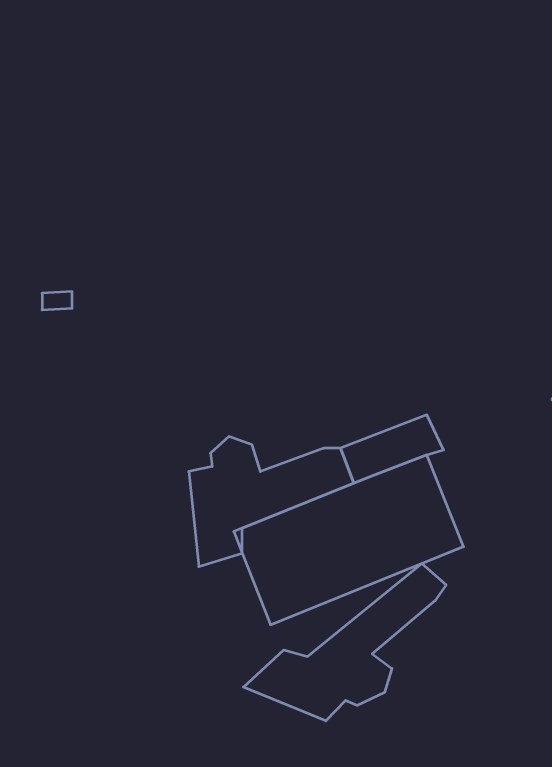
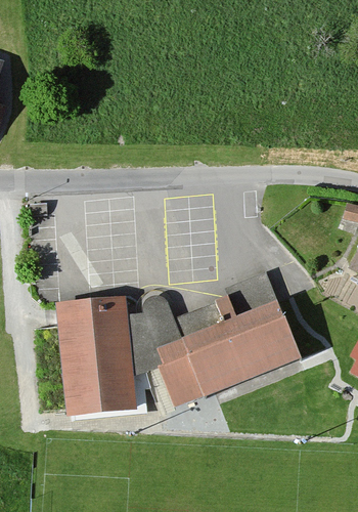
building: none -> [54,298,134,414]
building: [243,563,446,721] -> none

